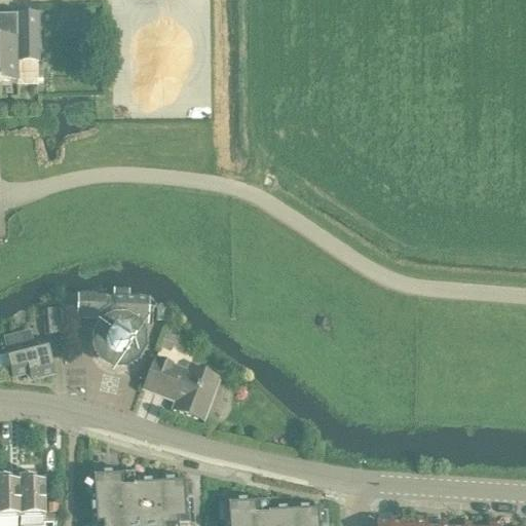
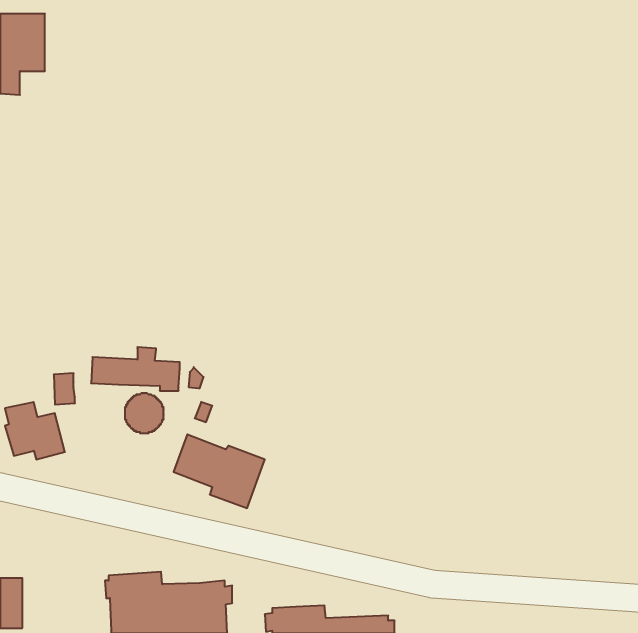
building: [18,472,44,517] -> none

